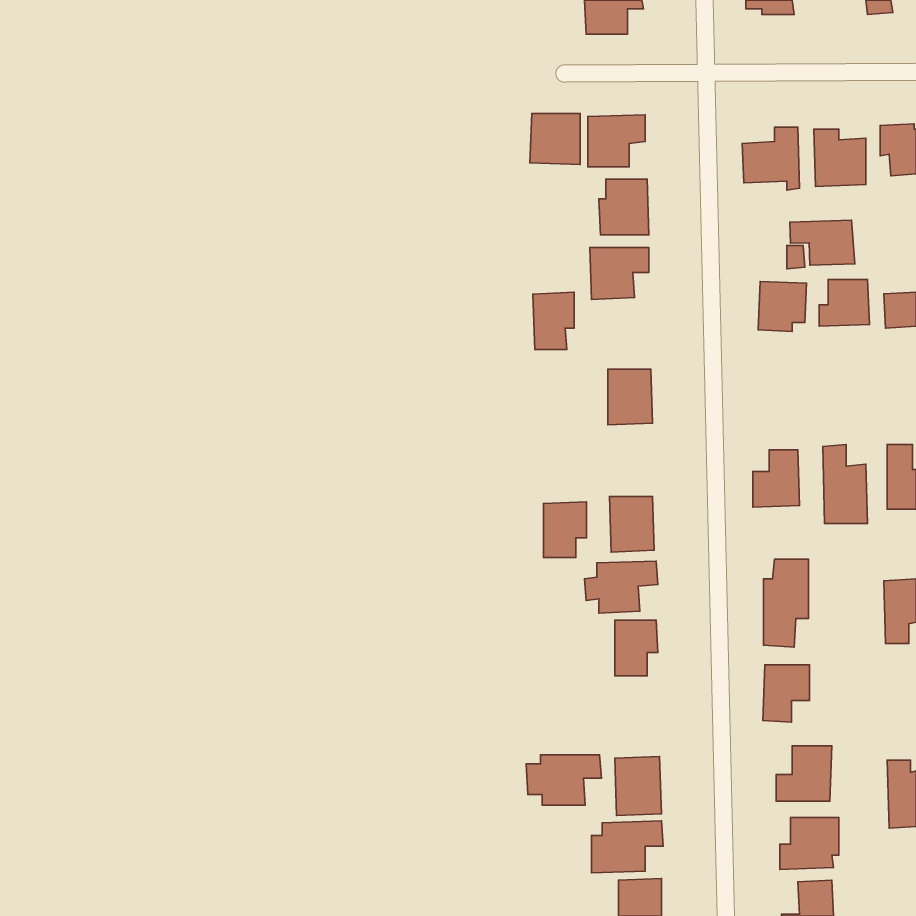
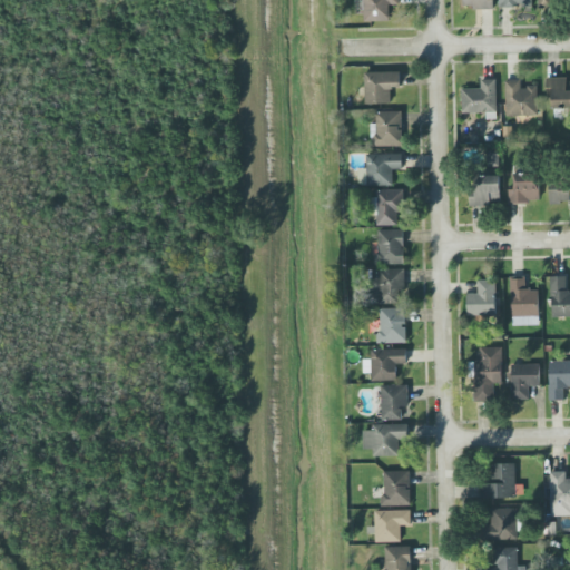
building: [530,113,580,164] -> none
building: [790,220,855,265] -> none
building: [533,292,574,350] -> [377,189,403,225]
building: [544,502,587,557] -> [379,268,405,303]
building: [763,665,810,722] -> [511,364,540,400]
building: [526,755,601,805] -> [363,424,410,455]

